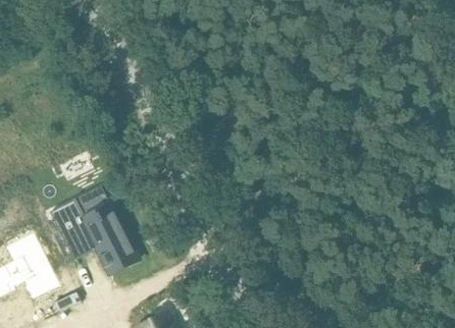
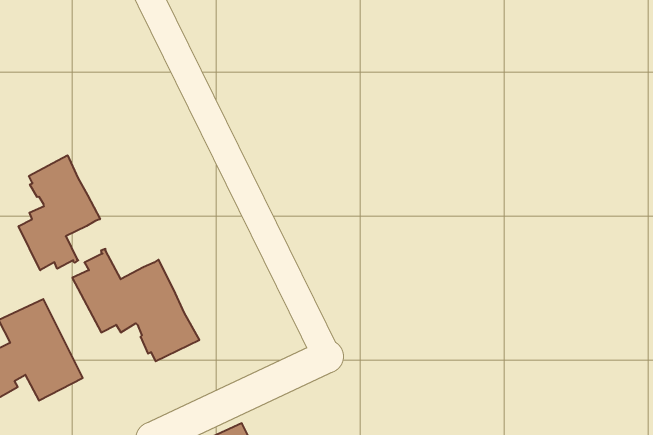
building: none -> [19,155,100,270]

